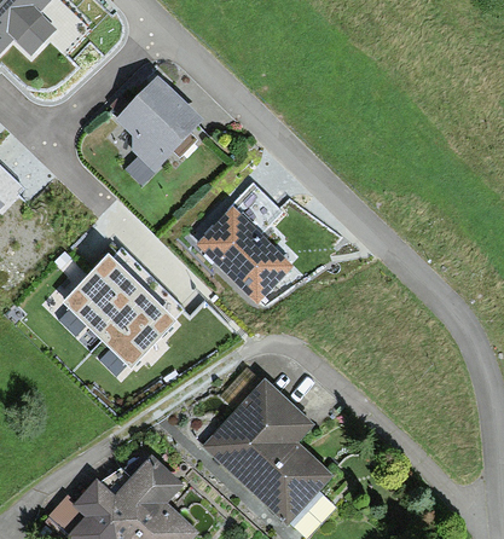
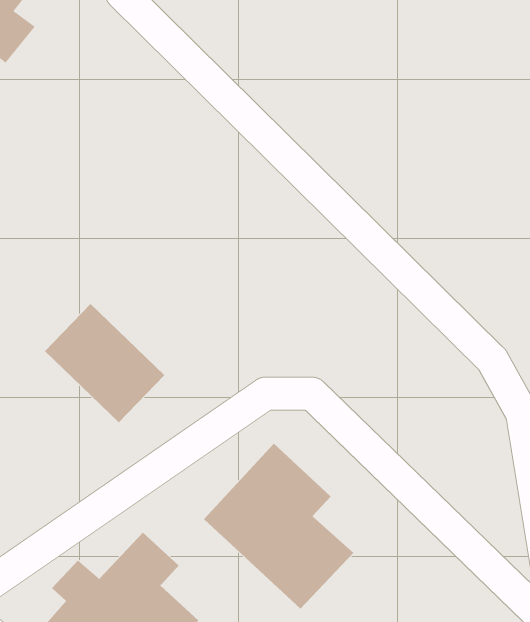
building: [109,77,196,164] -> none
building: [189,175,299,306] -> none

